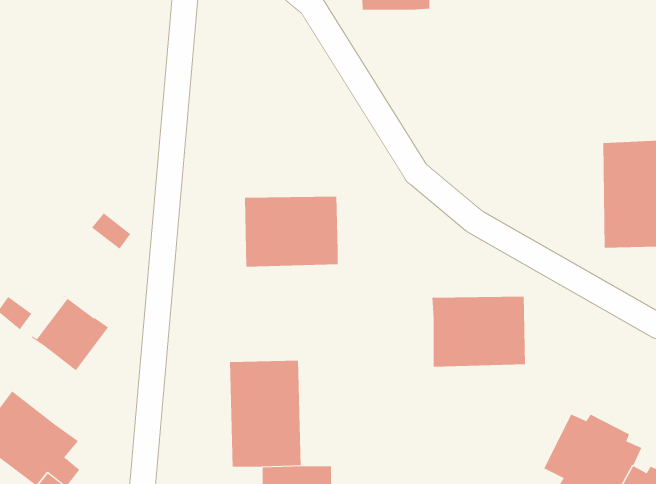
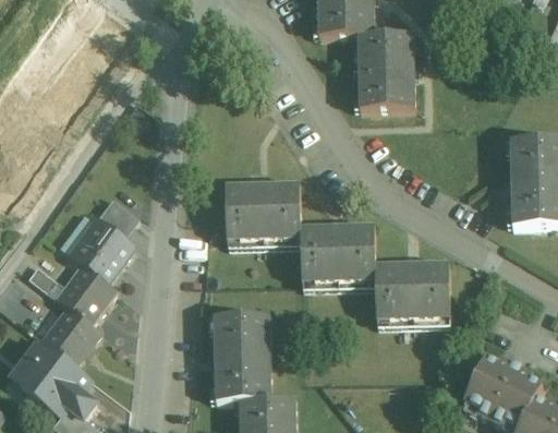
building: none -> [357,35,414,110]
building: none -> [69,220,131,281]
building: none -> [300,226,375,282]
building: none -> [39,304,100,366]

